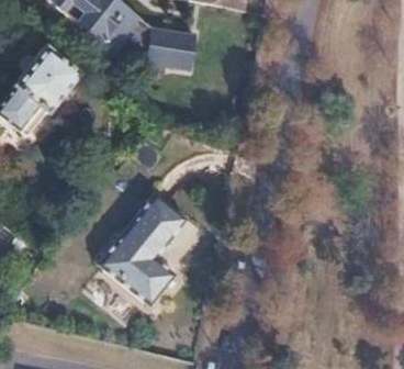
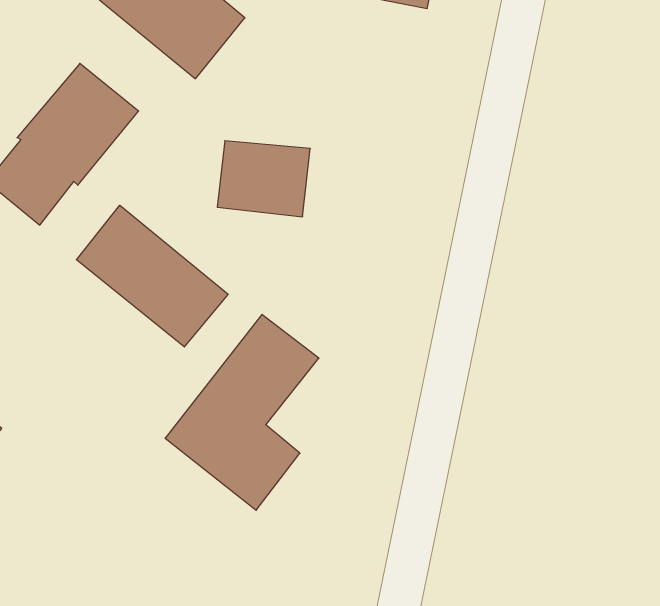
building: [144,26,198,70] -> [217,141,310,217]
building: none -> [76,205,228,347]

